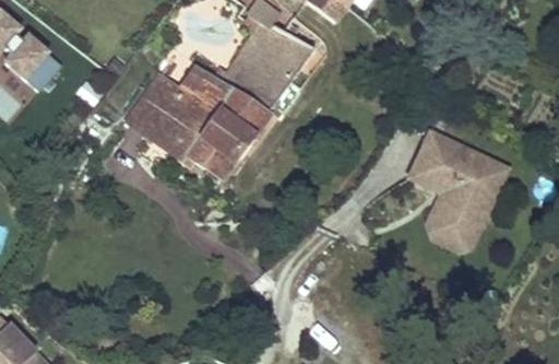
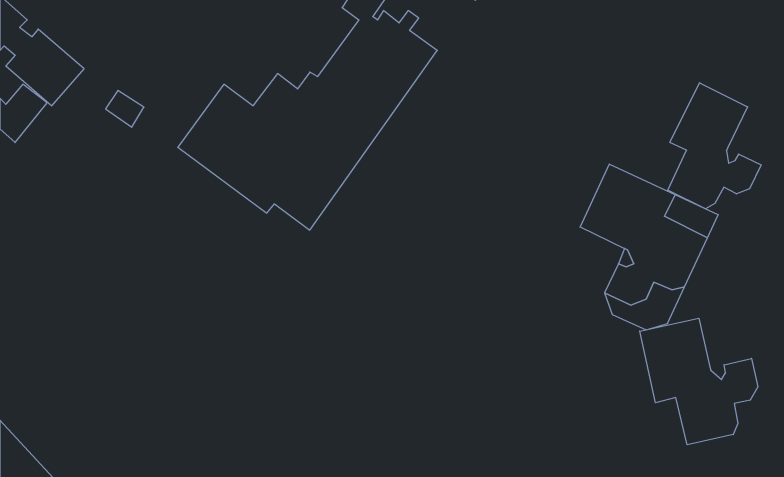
building: none -> [668,83,761,209]
building: none -> [640,318,758,445]

